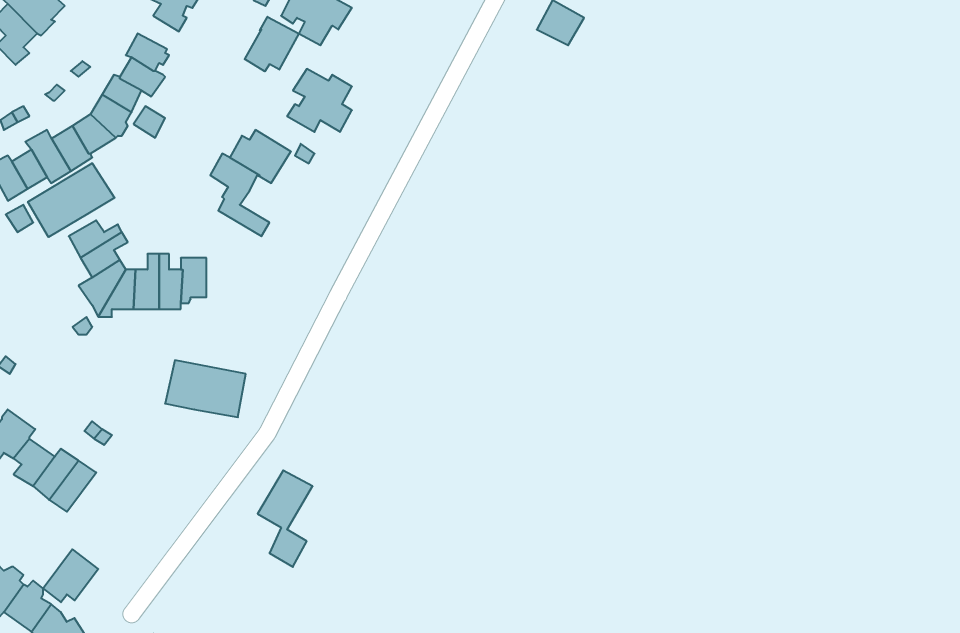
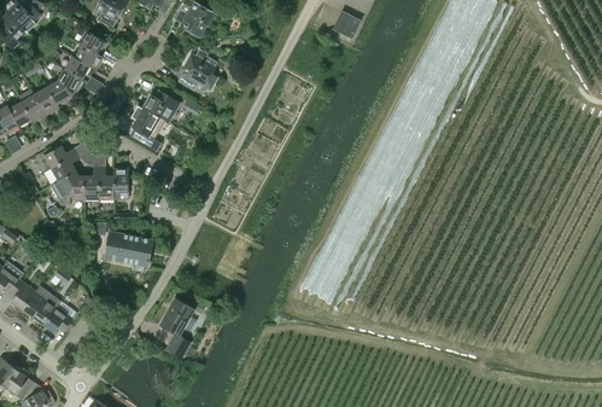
building: [245,17,299,71] -> none
building: [28,163,115,237] -> none
building: [43,549,98,602] -> [42,301,76,333]

